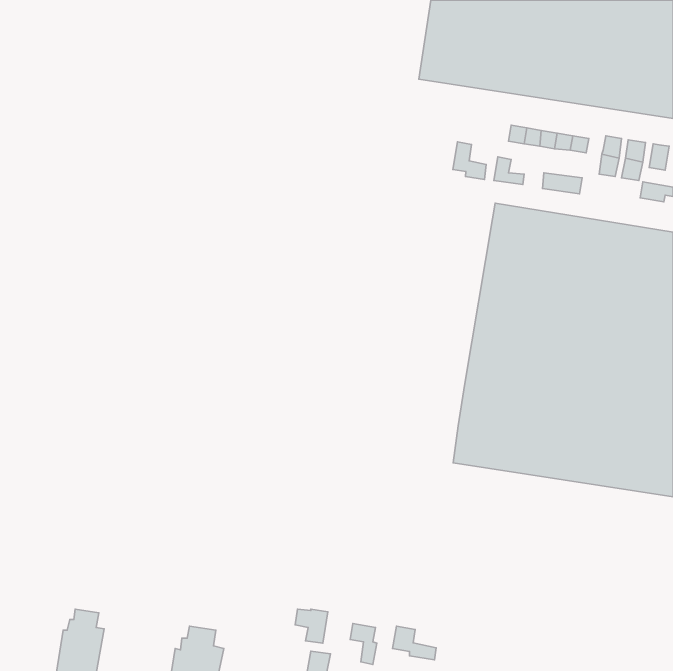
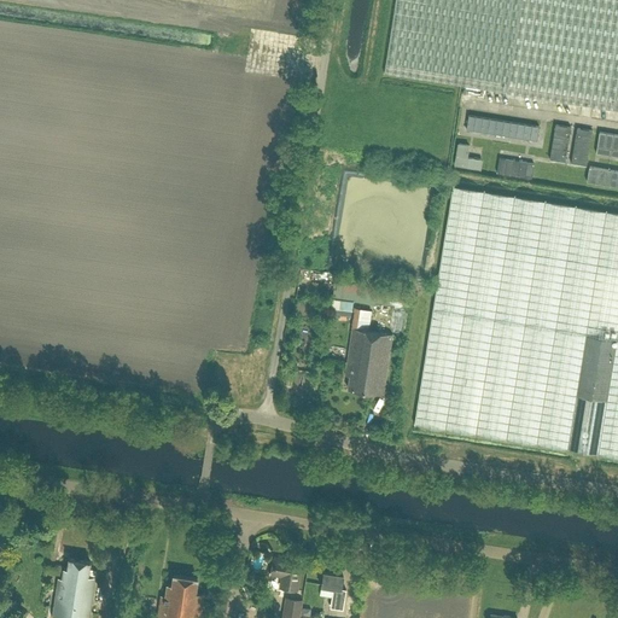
building: [453,142,486,179] -> none
building: none -> [345,310,391,396]
building: [393,626,436,660] -> none

